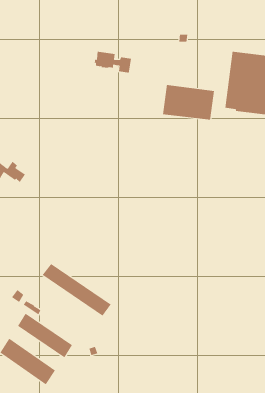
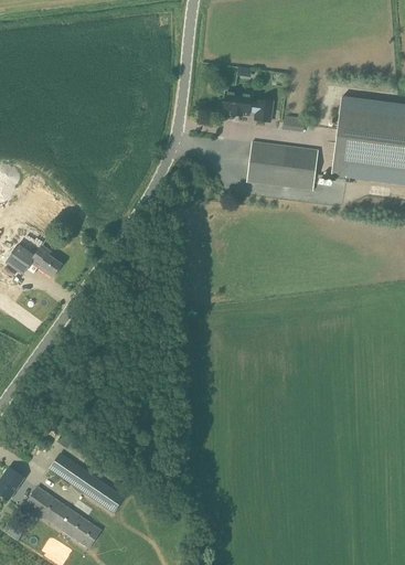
building: [94,51,132,73] -> [222,92,274,121]
building: [42,263,112,316] -> none

